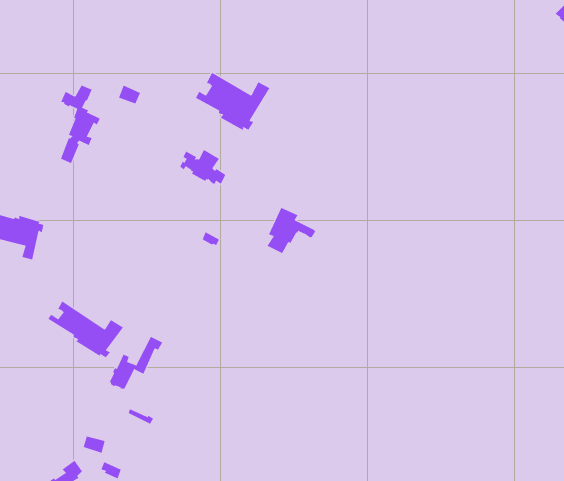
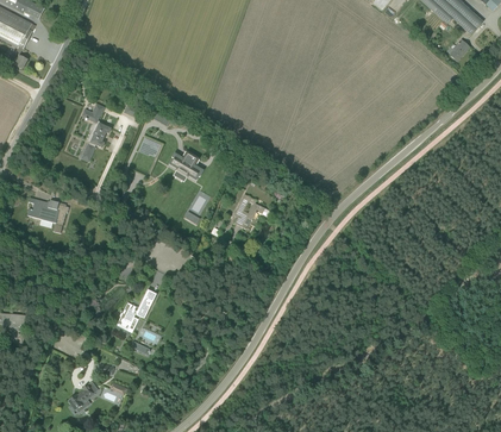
building: [195,72,270,131] -> none
building: [47,300,124,358] -> none

